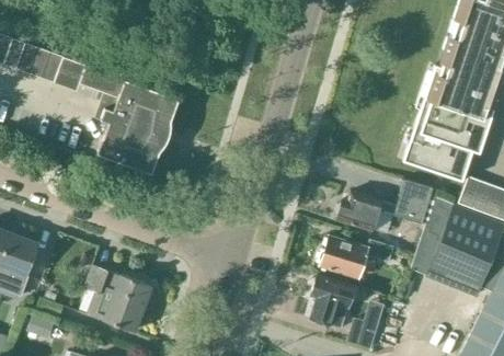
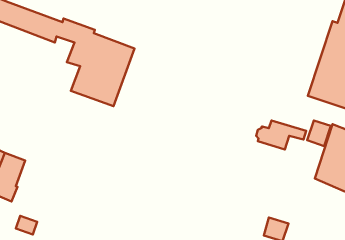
building: [321,236,394,278] -> none
building: [85,265,152,332] -> none
building: [311,275,371,325] -> none

